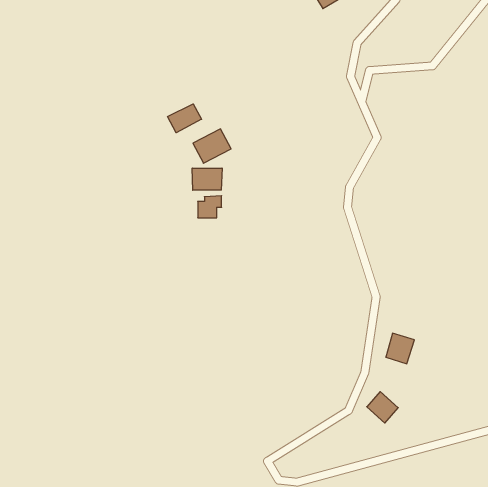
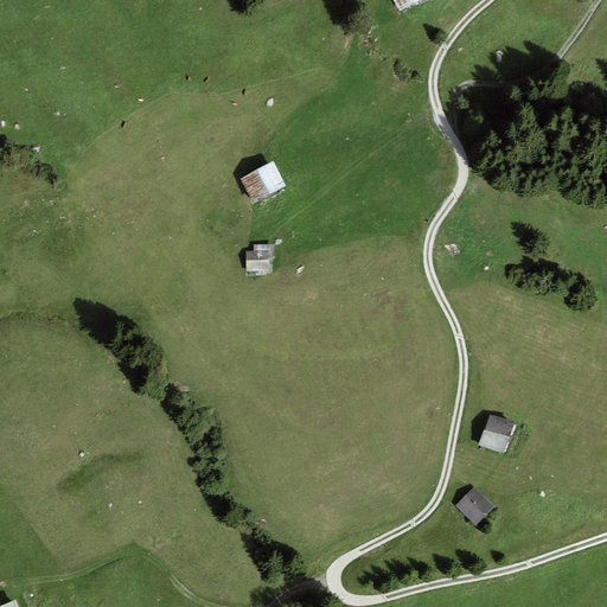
building: [168,104,202,133] -> none
building: [192,168,222,190] -> none

